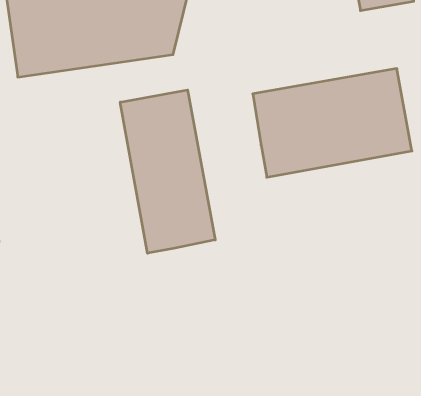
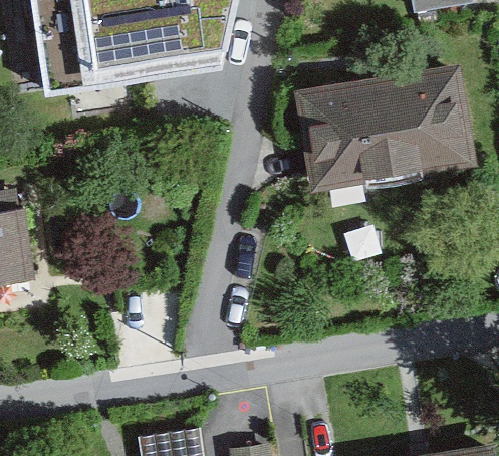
building: [120,90,215,253] -> none

